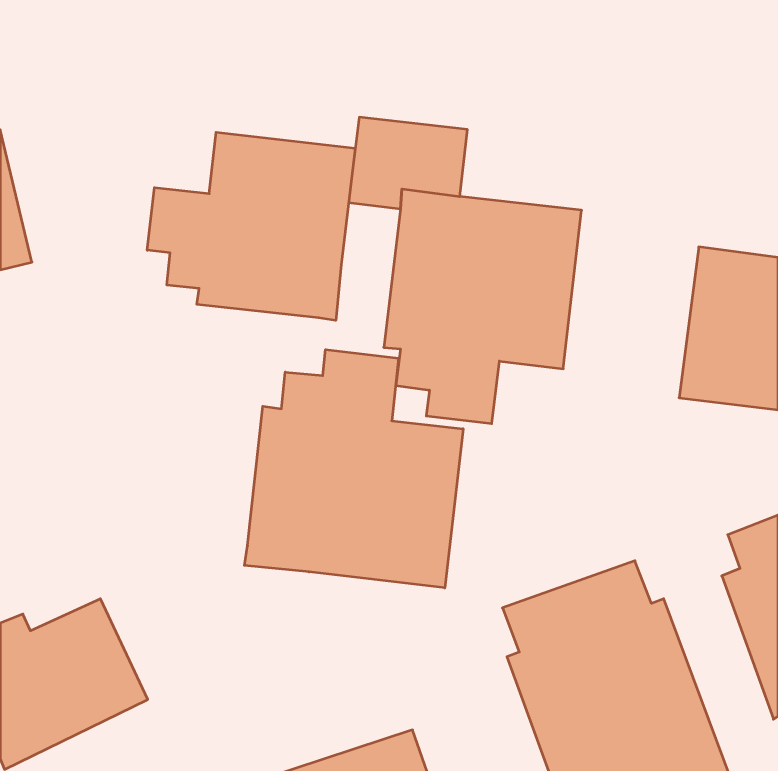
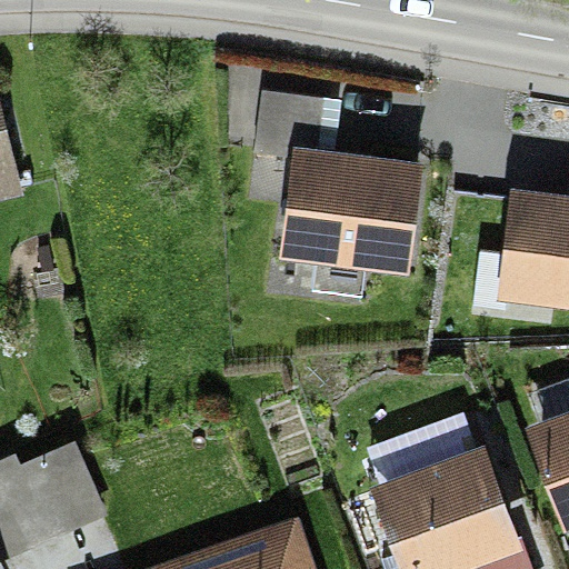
building: [147,132,355,320] -> none
building: [244,350,463,588] -> none

